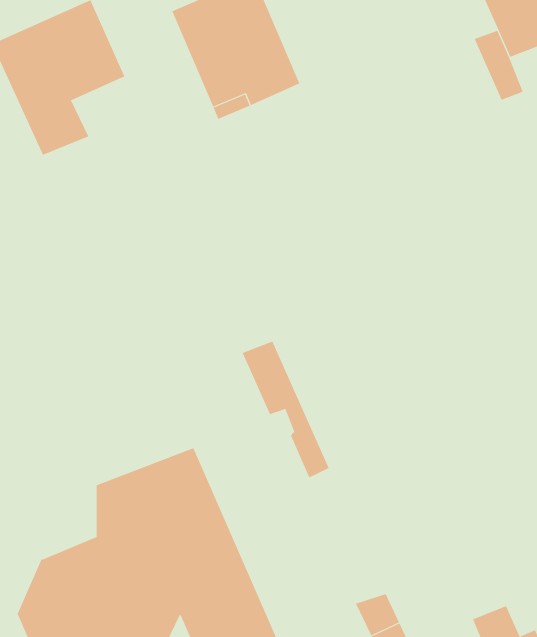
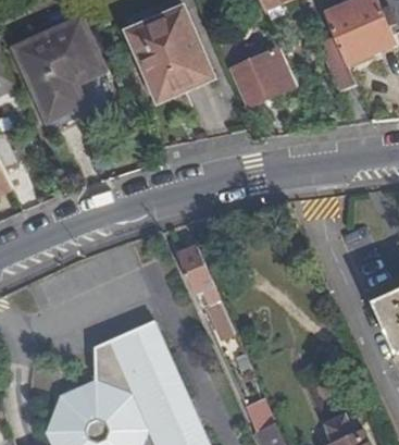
building: none -> [222,46,290,108]

